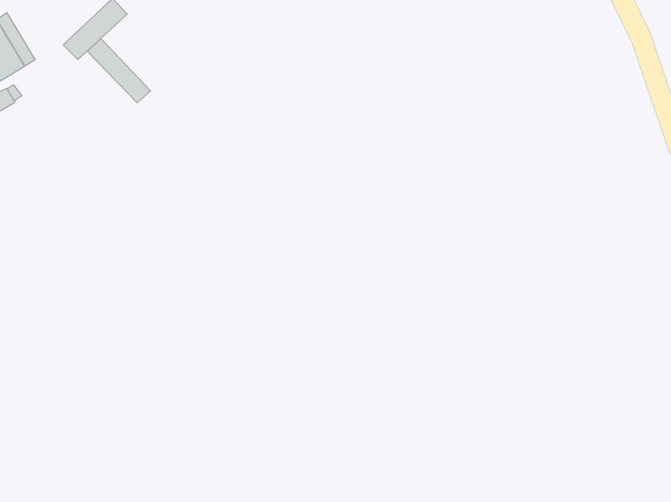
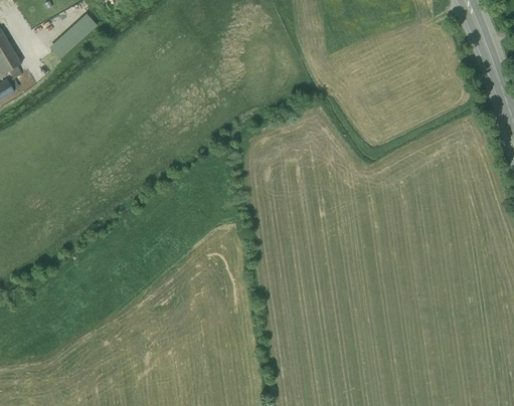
building: [87,38,151,103] -> none

